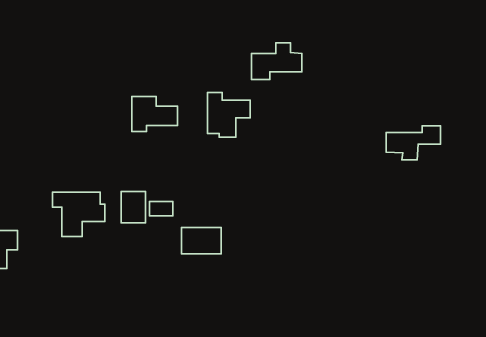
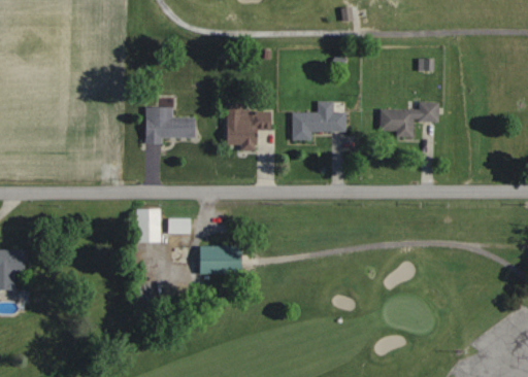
building: [252,43,302,80] -> [292,101,345,140]
building: [386,126,441,160] -> [381,102,438,138]
building: [53,192,105,237] -> none

